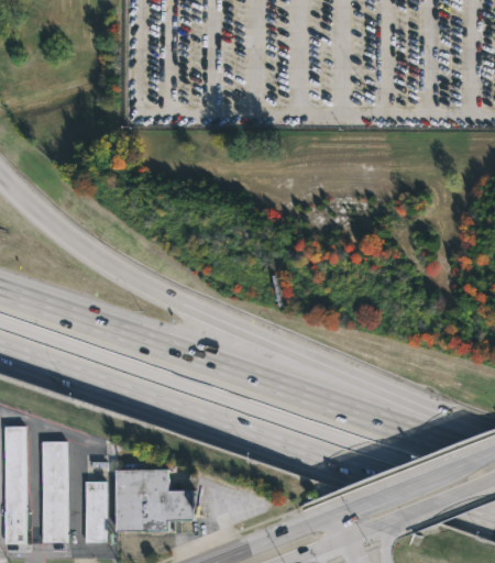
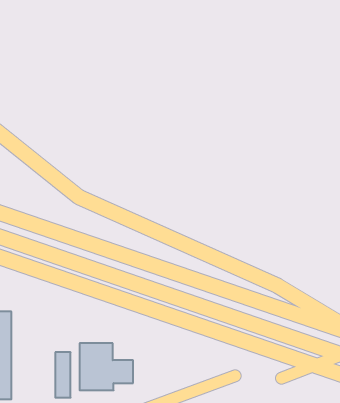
building: [42,441,66,542] -> none

